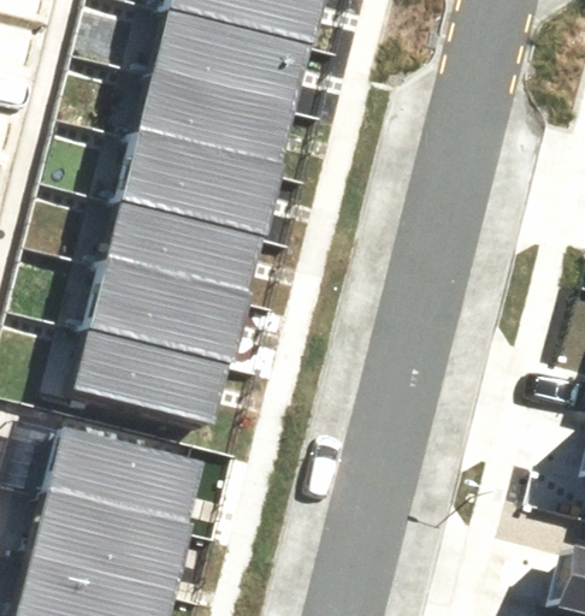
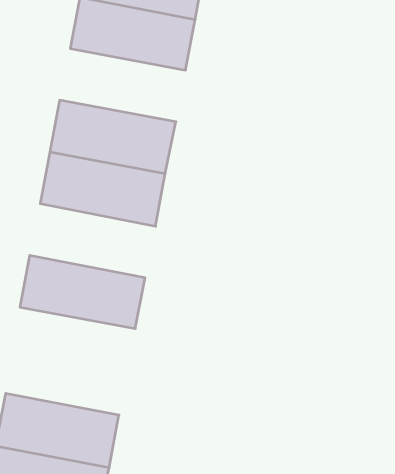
building: [136,70,292,167] -> none
building: [88,257,244,356] -> none
building: [48,424,202,522] -> none

